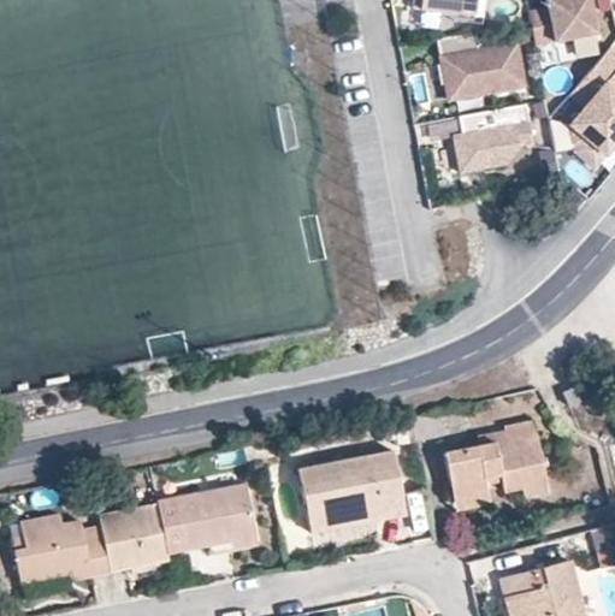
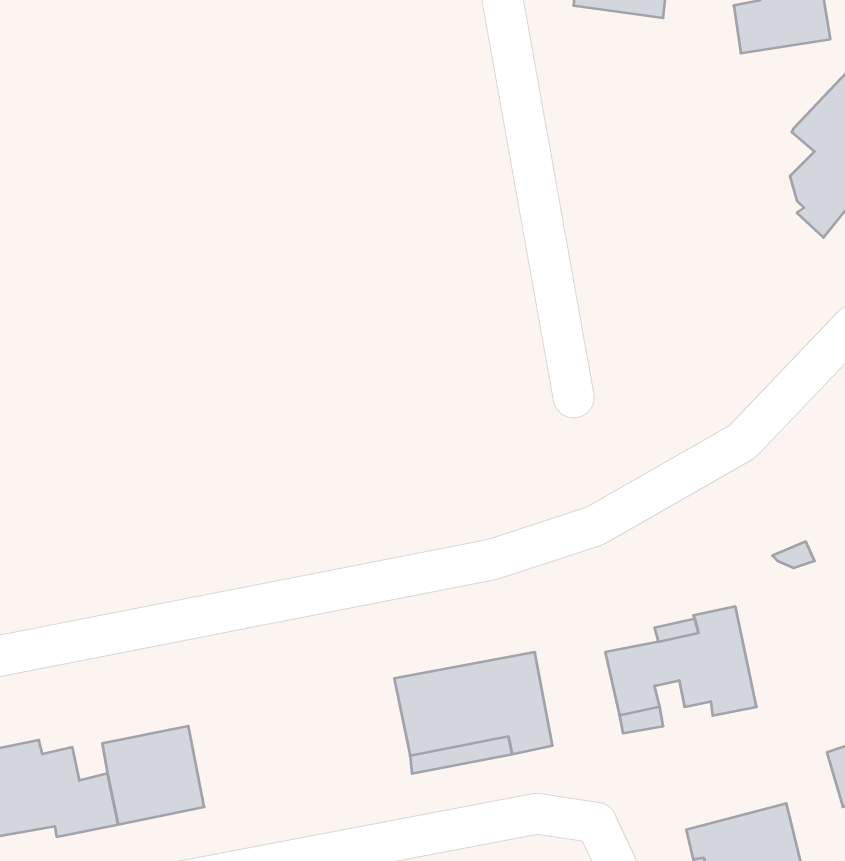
building: [437,34,528,101] -> none
building: [457,108,534,177] -> none
building: [160,484,260,552] -> none

